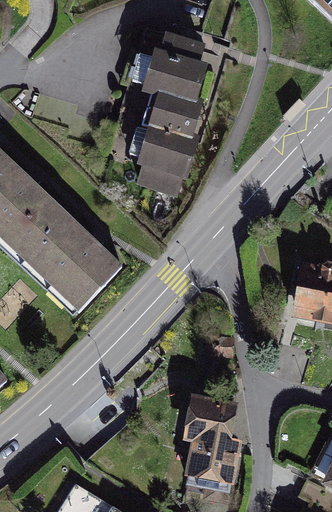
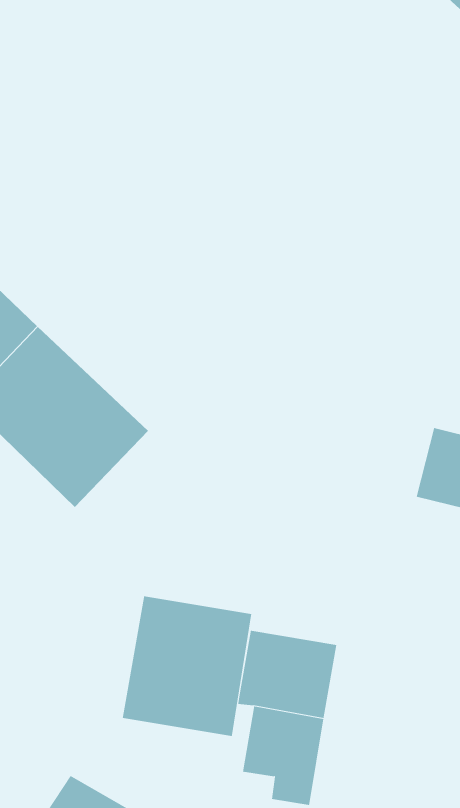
building: [136,32,202,190] -> none
building: none -> [122,595,252,737]

